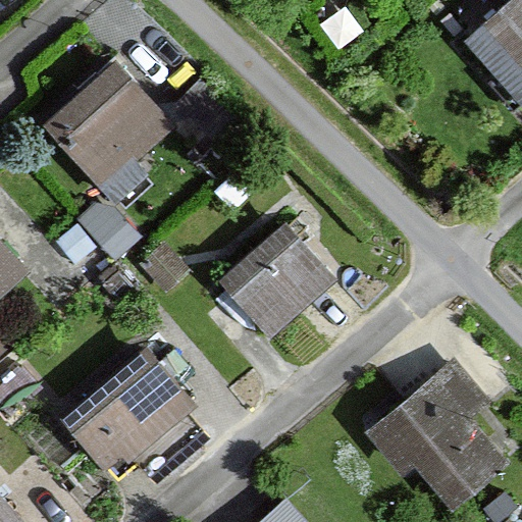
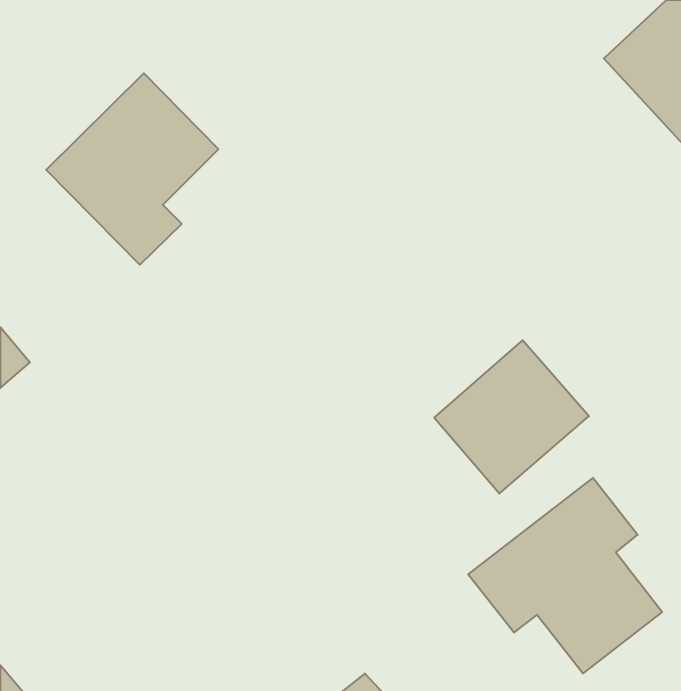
building: [219,221,335,336] -> [434,340,589,494]
building: [64,348,197,475] -> none

